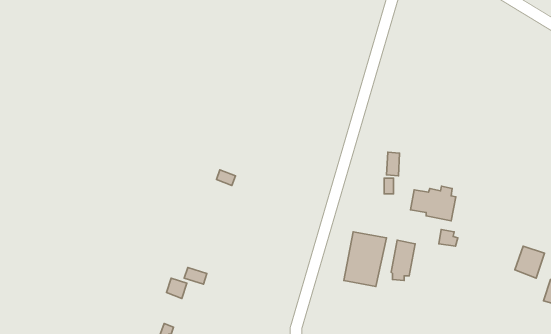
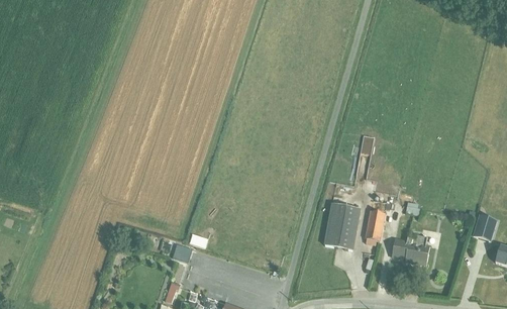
building: [411,186,456,221] -> [391,235,429,265]

